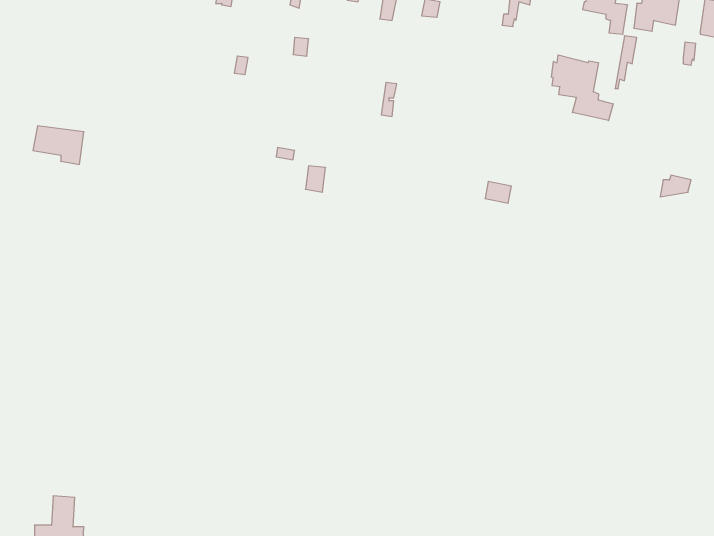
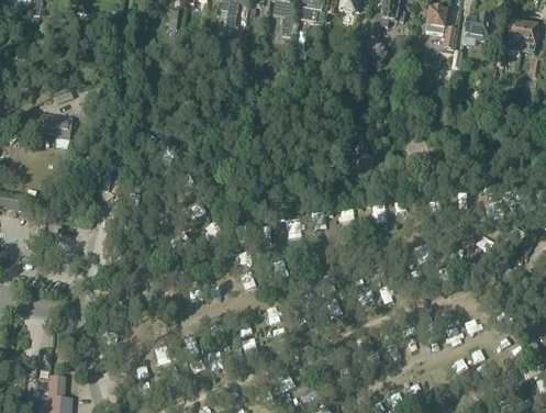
building: [551,55,613,121] -> none

